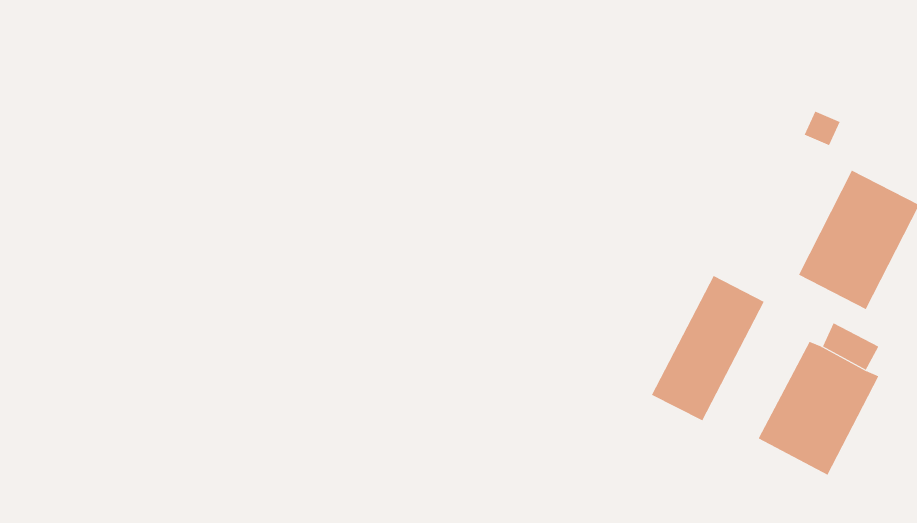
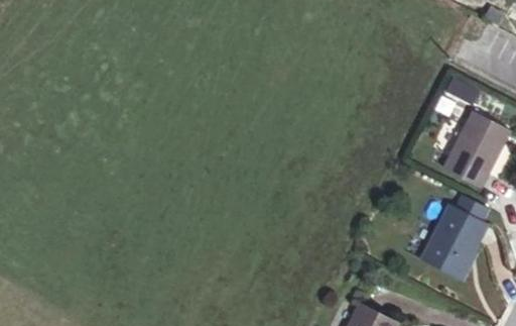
building: [651,275,765,421] -> none

